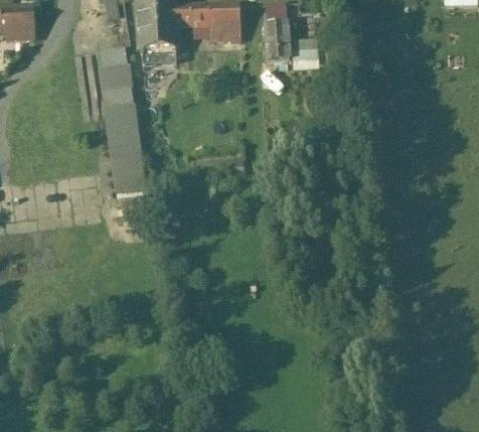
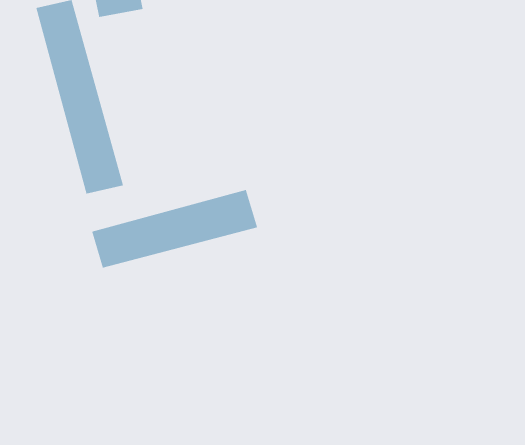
building: none -> [91,189,258,268]

